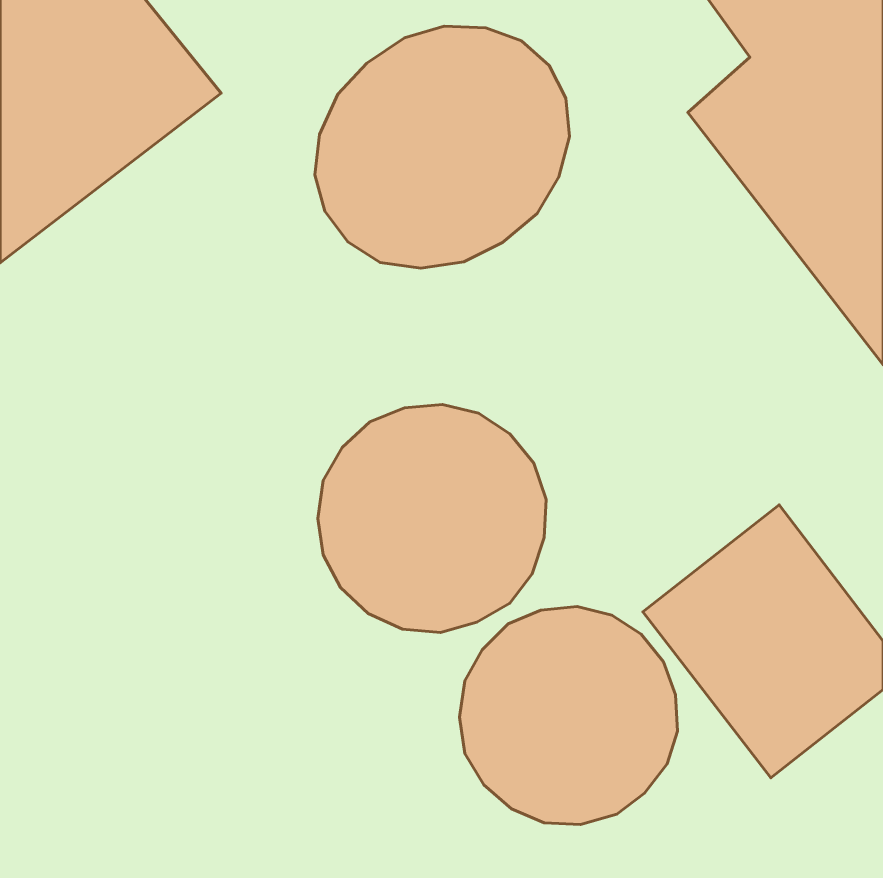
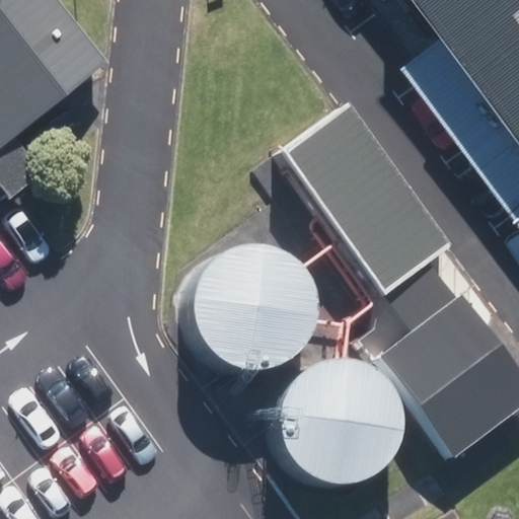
building: [315,26,569,268] -> none
building: none -> [283,109,447,292]

